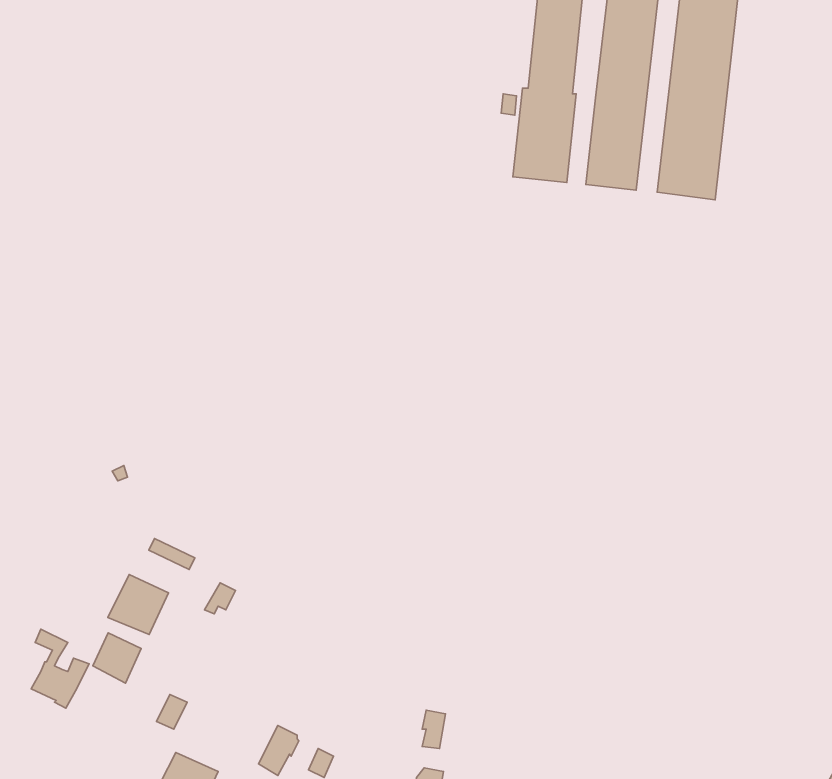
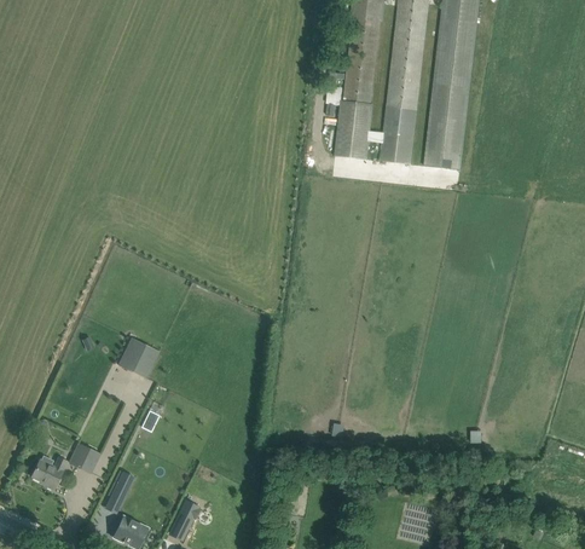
building: none -> [116,335,160,378]
building: [108,574,169,634] -> none

